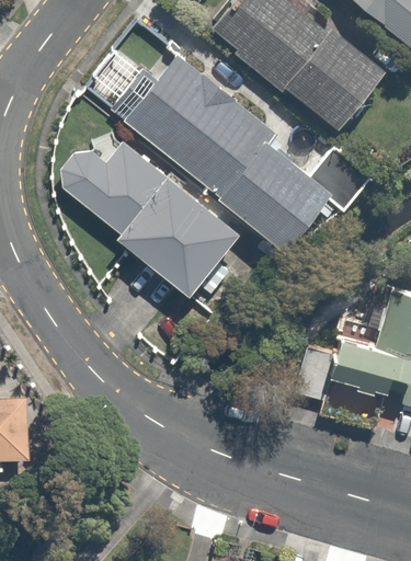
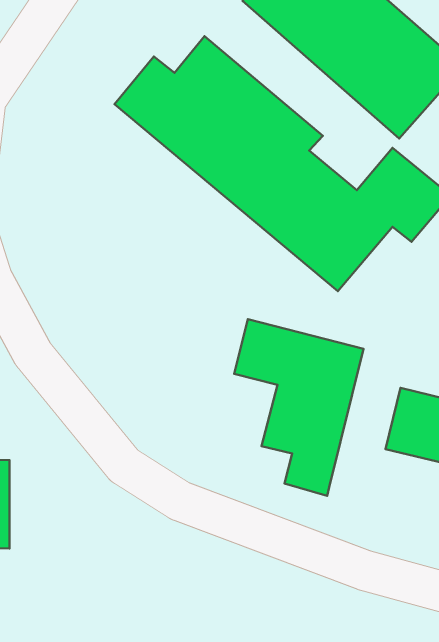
building: [59,140,243,302] -> none
building: none -> [234,319,364,496]

